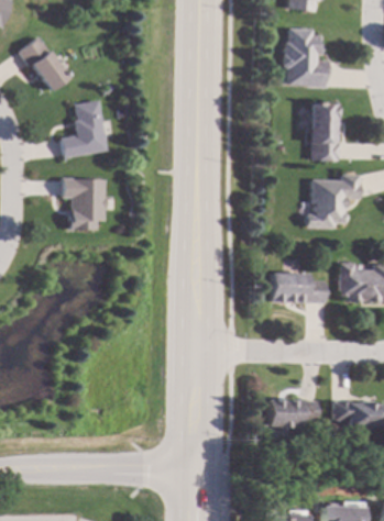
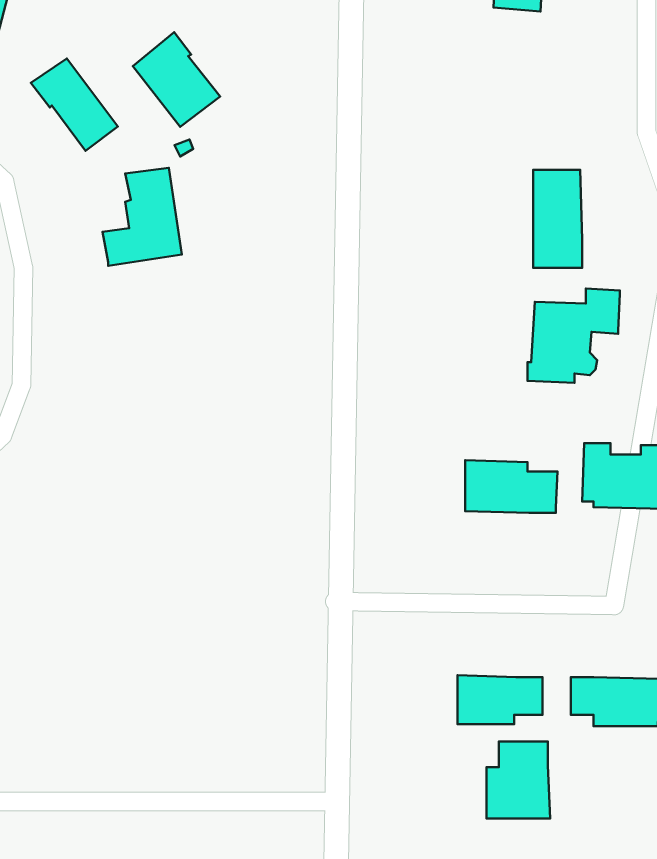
building: none -> [133,32,220,127]
building: [288,26,330,86] -> none
building: [62,179,106,230] -> none
building: none -> [487,741,550,819]

